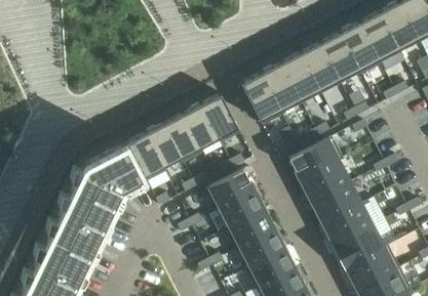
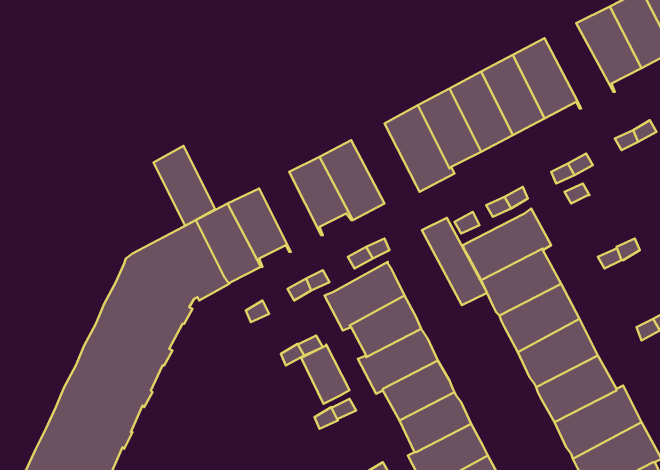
building: [340,22,382,74] -> none
building: [164,113,202,162] -> [153,146,215,226]
building: none -> [422,218,487,305]
building: none -> [301,345,349,404]

